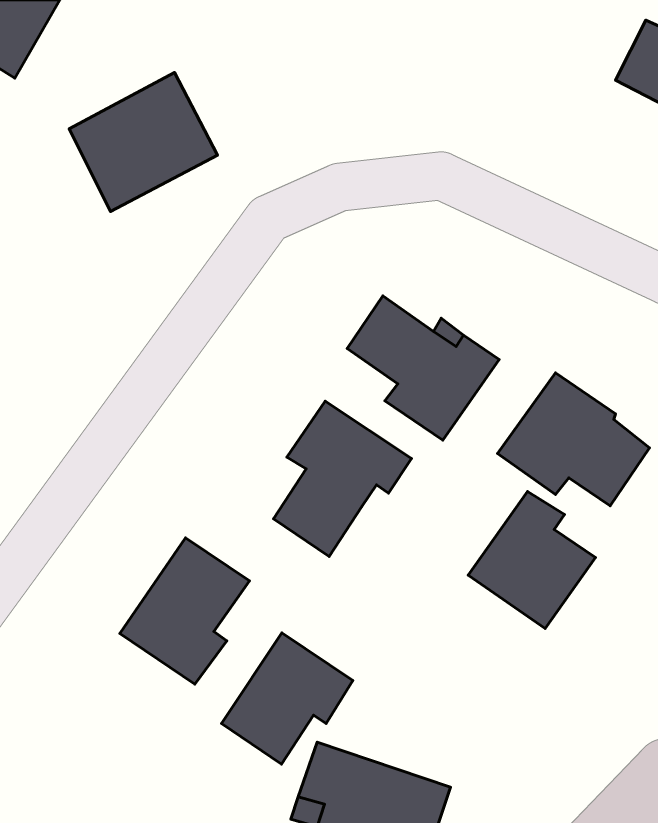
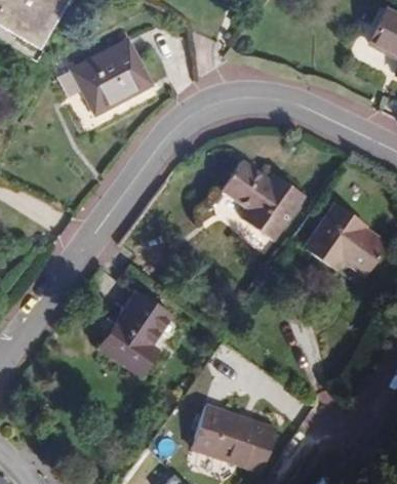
building: [274,401,412,556] -> none
building: [468,492,596,628] -> none
building: [221,633,353,764] -> none

